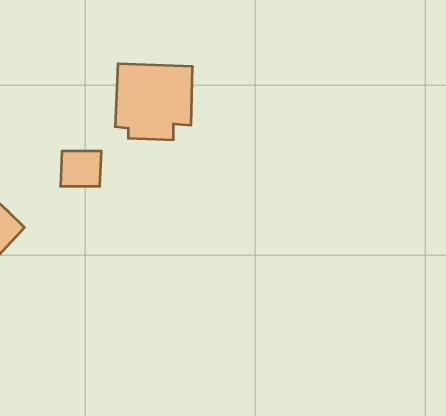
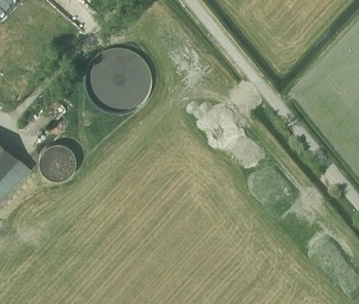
building: [60,151,101,186] -> [41,147,70,172]

